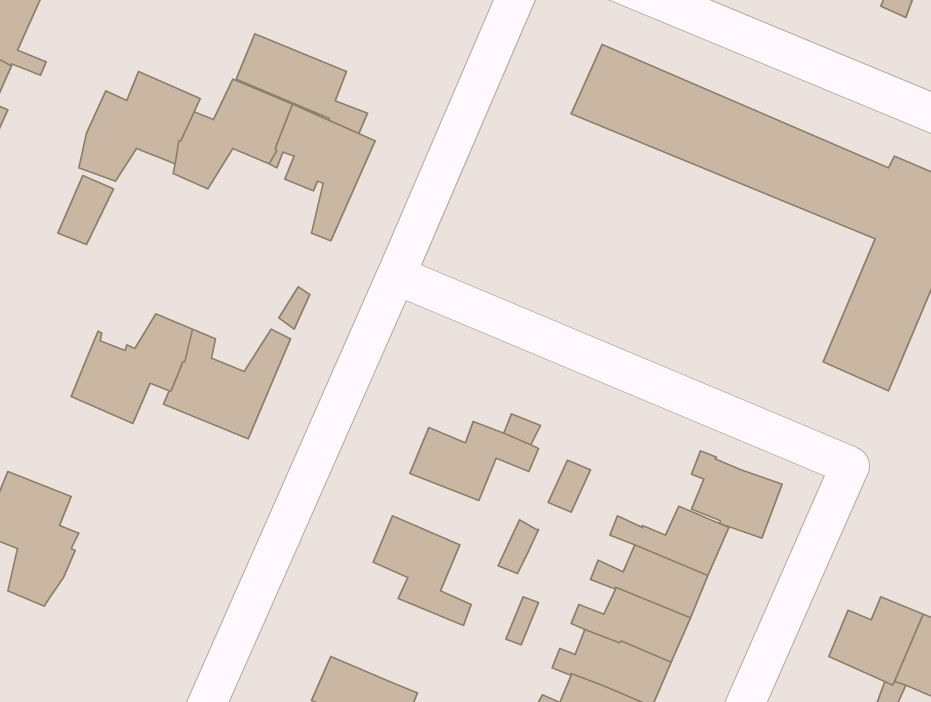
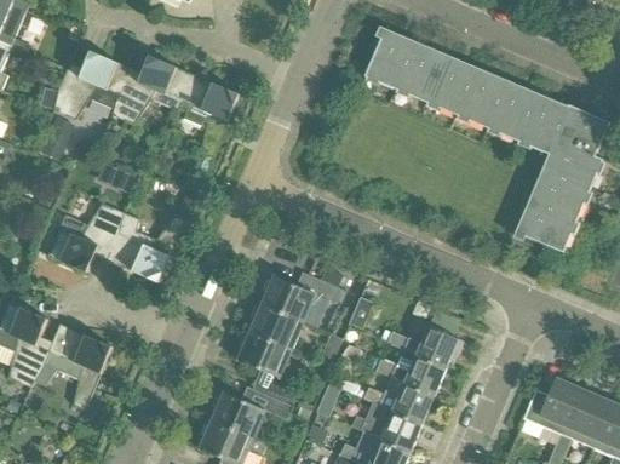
building: [236,34,367,133] -> none
building: [691,451,782,538] -> none
building: none -> [249,303,304,348]
building: none -> [34,323,111,409]
building: none -> [211,385,292,436]

